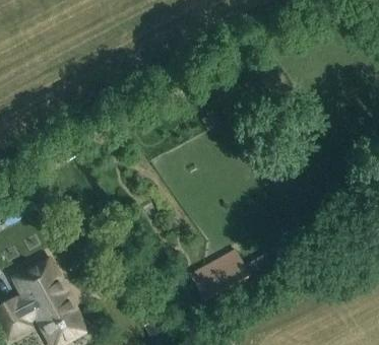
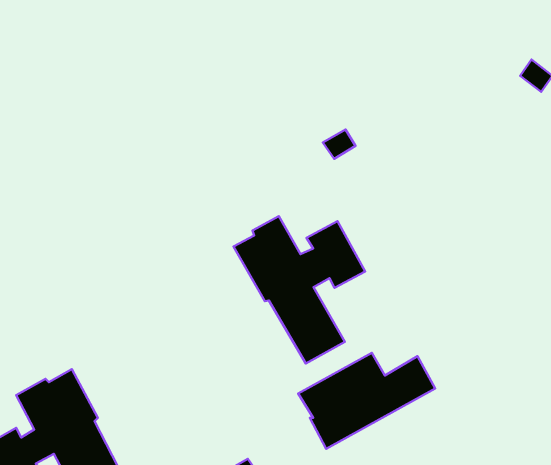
building: none -> [233,216,365,364]

